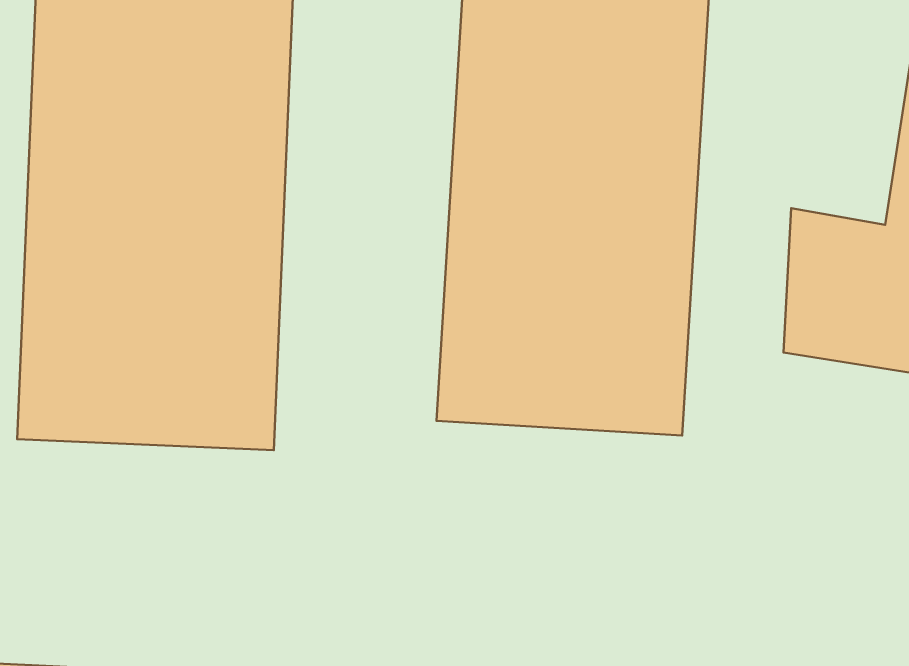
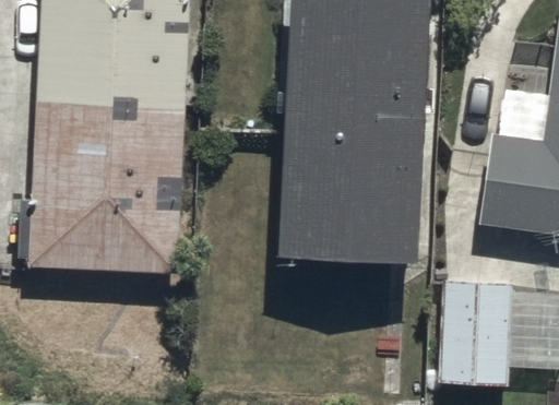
building: none -> [437,273,509,380]

